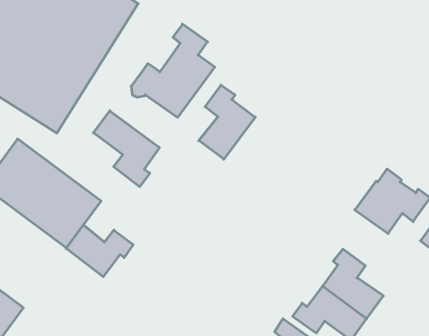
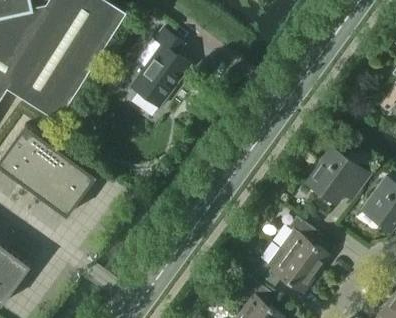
building: [199,85,255,159] -> none
building: [93,111,159,187] -> none
building: [66,225,133,277] -> none

